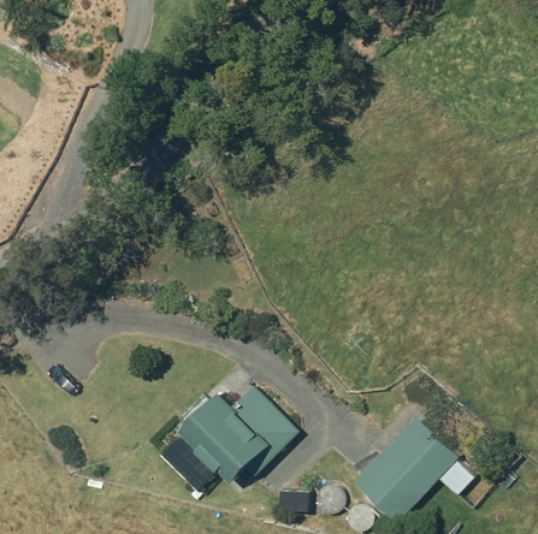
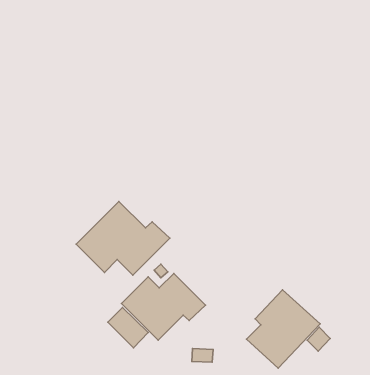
building: none -> [76,201,170,275]

